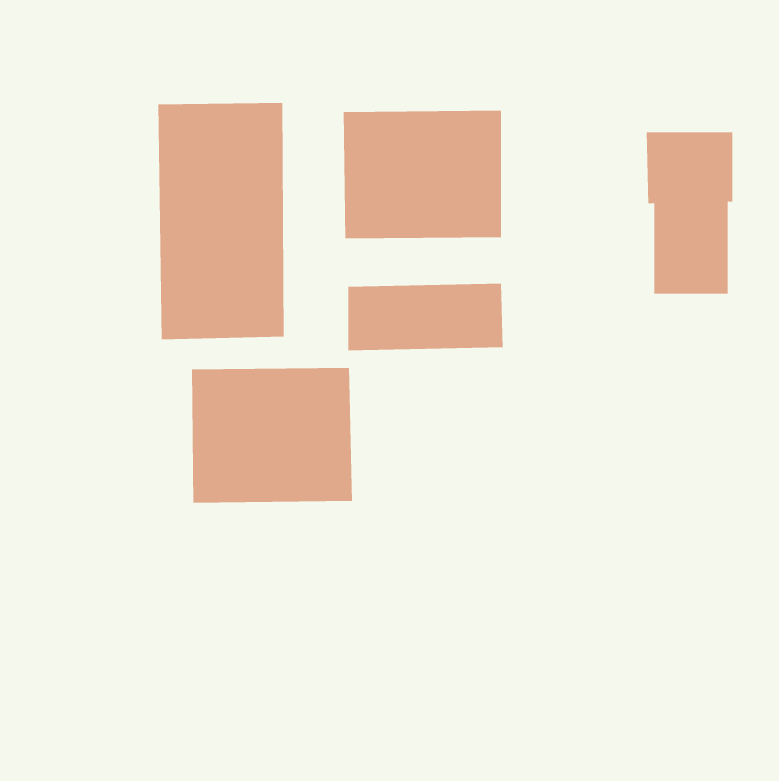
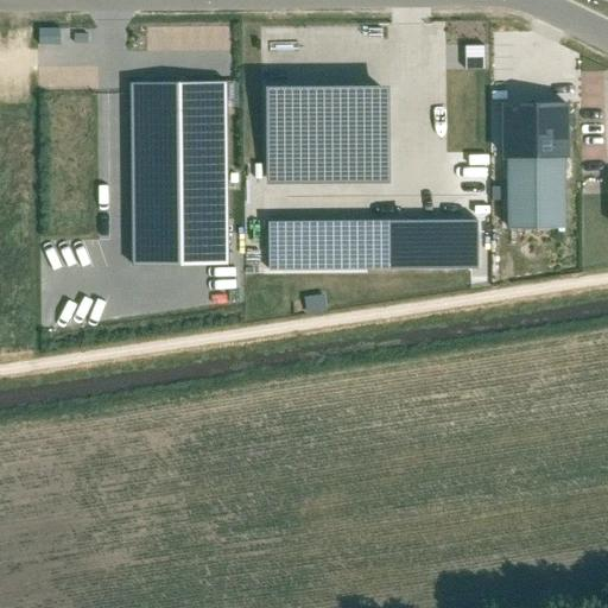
building: none -> [392,218,481,270]
building: [191,367,352,504] -> none

